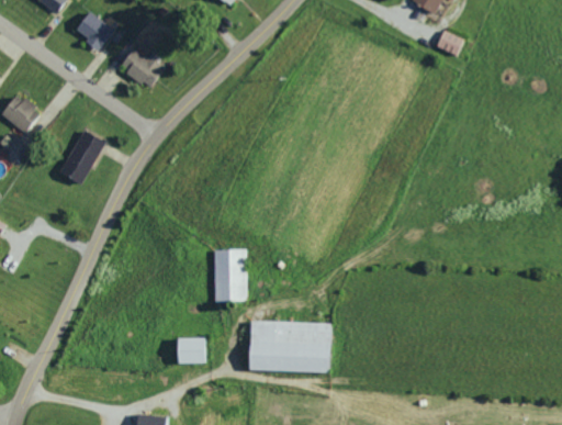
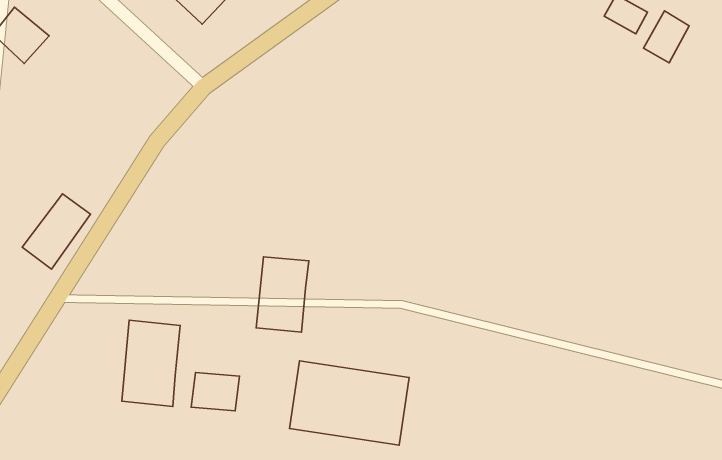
building: none -> [643,11,689,63]
building: [58,130,104,184] -> [22,194,91,269]
building: none -> [122,320,180,407]

